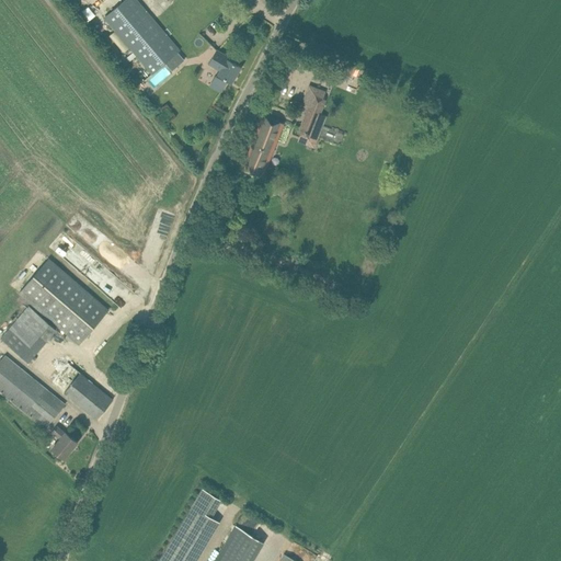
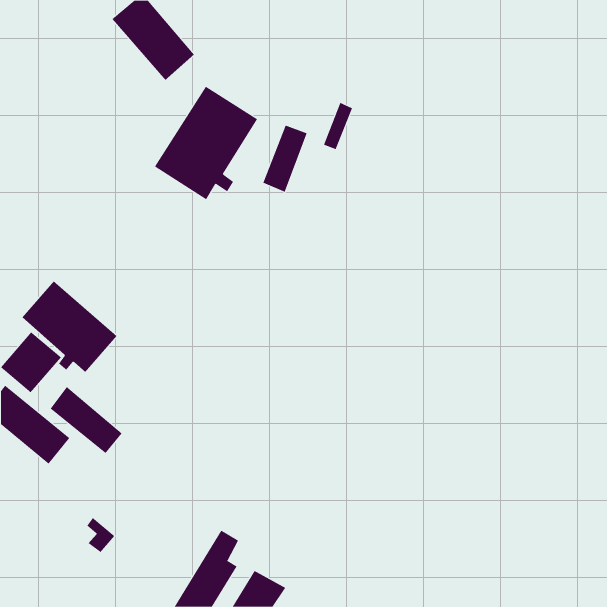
building: [209,49,241,93] -> none
building: none -> [154,86,258,200]
building: [51,425,78,458] -> [87,517,115,553]

